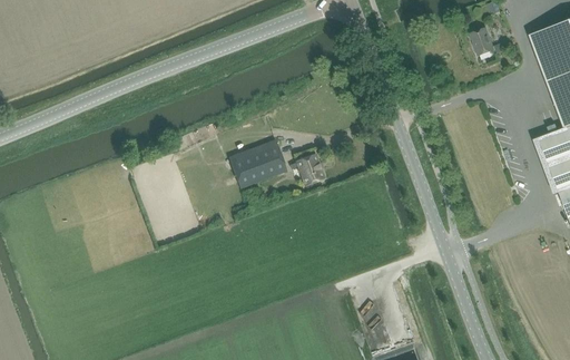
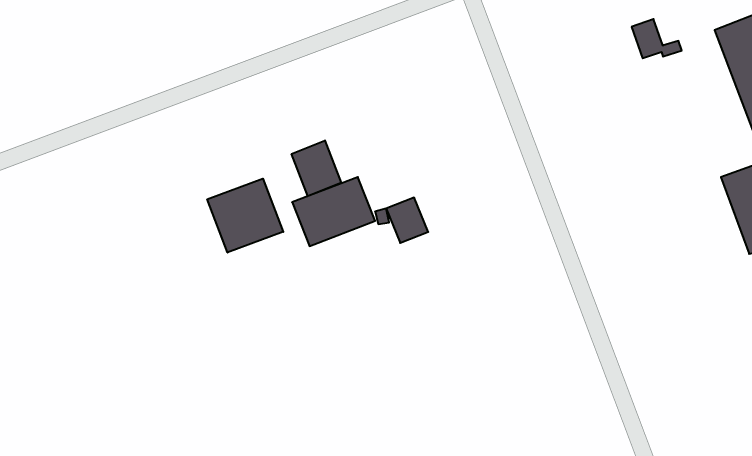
building: none -> [292,140,341,196]
building: none -> [207,179,283,253]

